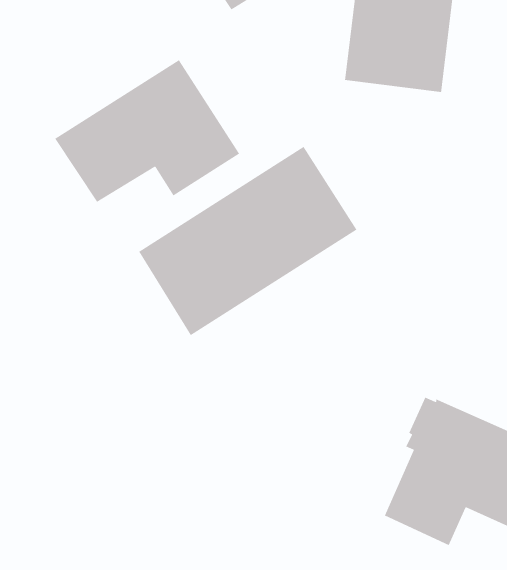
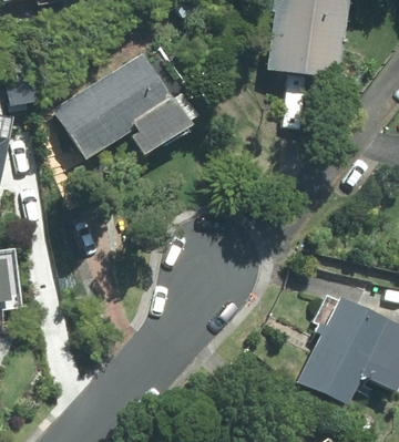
building: [138,146,358,336] -> none

